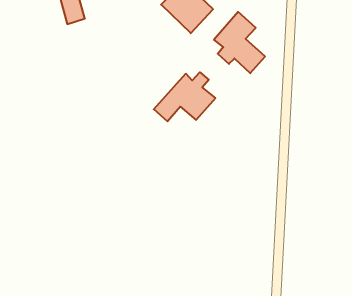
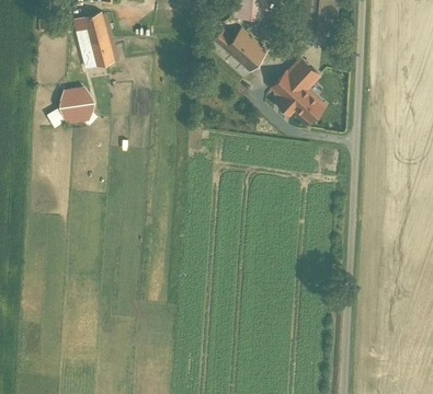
building: none -> [61,85,93,118]
building: [154,72,215,121] -> none

